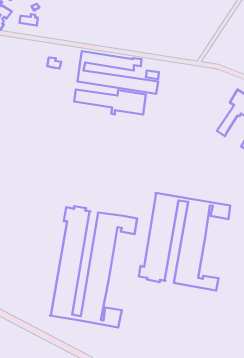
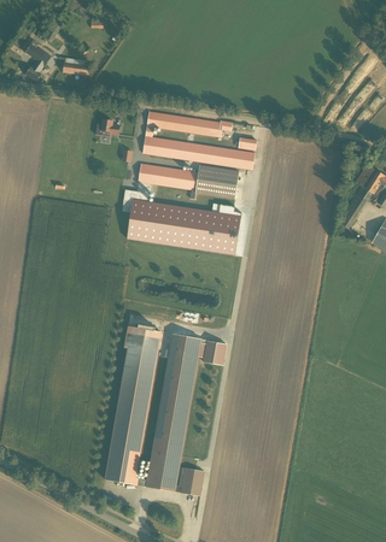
building: none -> [127,198,240,253]
building: [139,193,230,290] -> none

